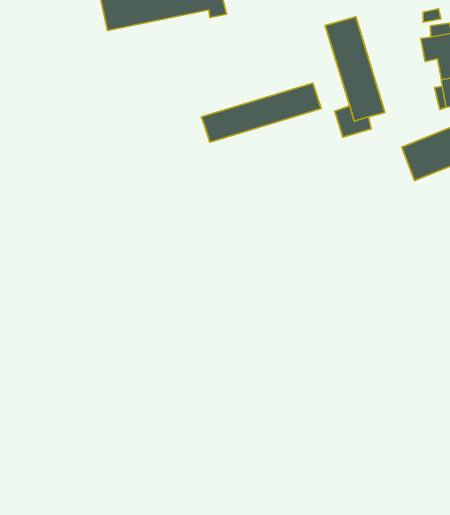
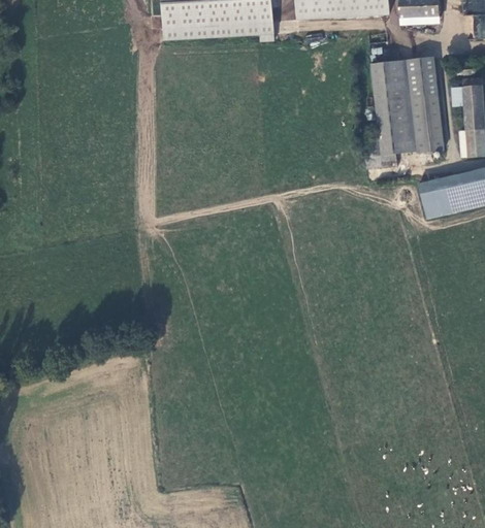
building: none -> [395,56,445,153]
building: [201,83,321,142] -> none

